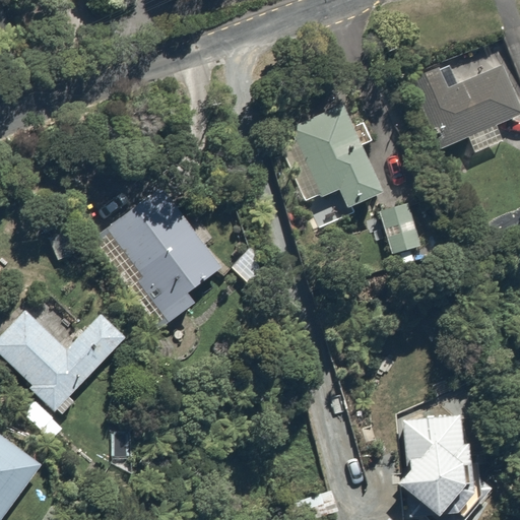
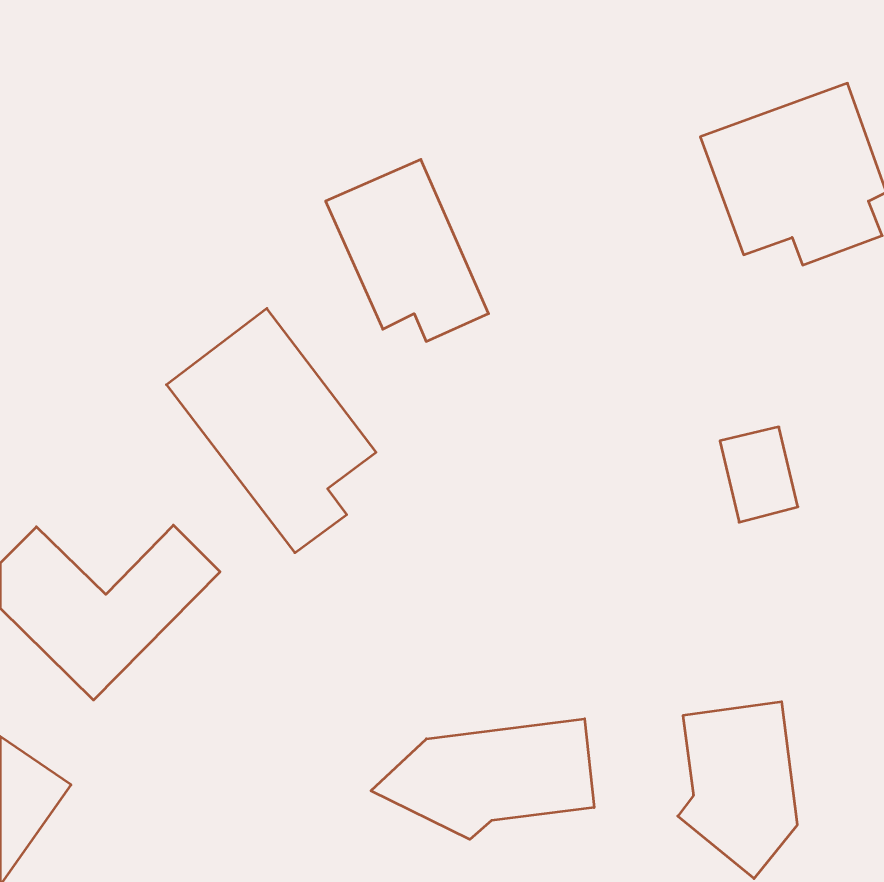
building: [284,98,380,204] -> [326,159,489,341]
building: [378,202,424,258] -> [720,427,798,522]
building: none -> [371,719,594,839]

